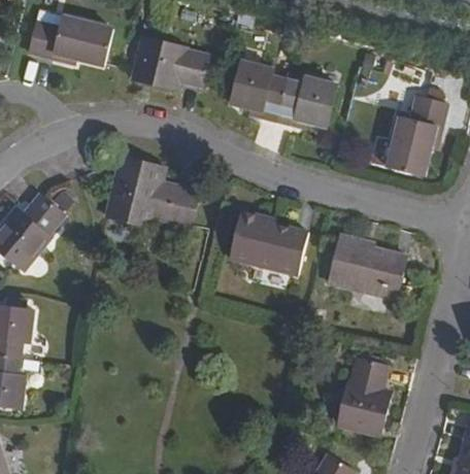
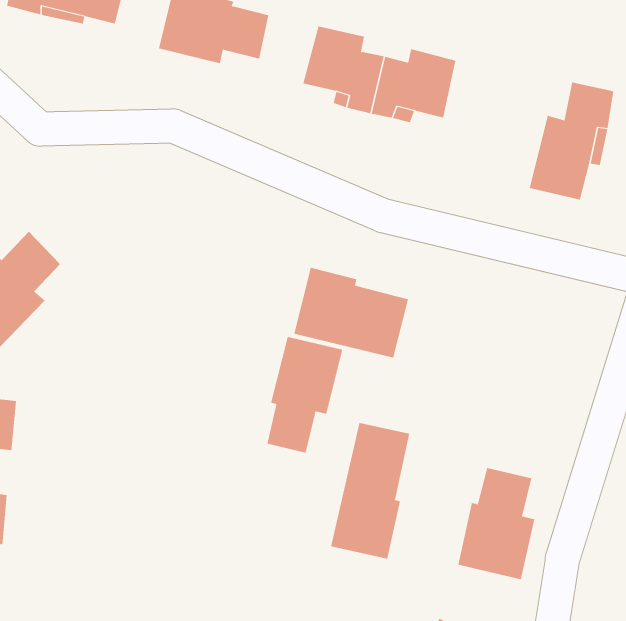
building: [107,161,198,230] -> none
building: [324,250,402,308] -> none
building: none -> [267,336,343,453]
building: none -> [331,422,410,560]

